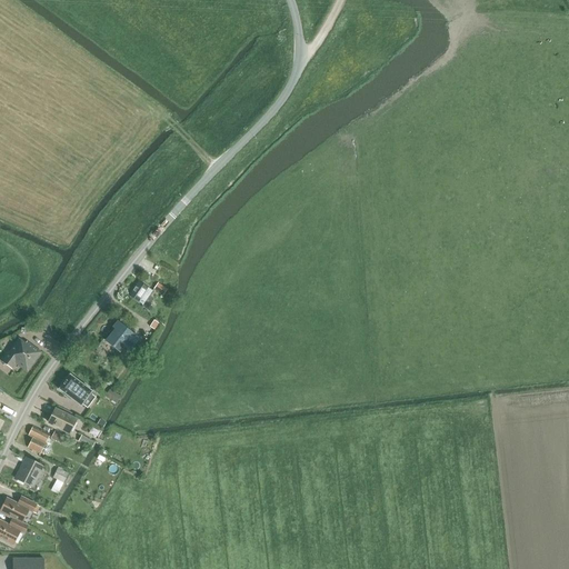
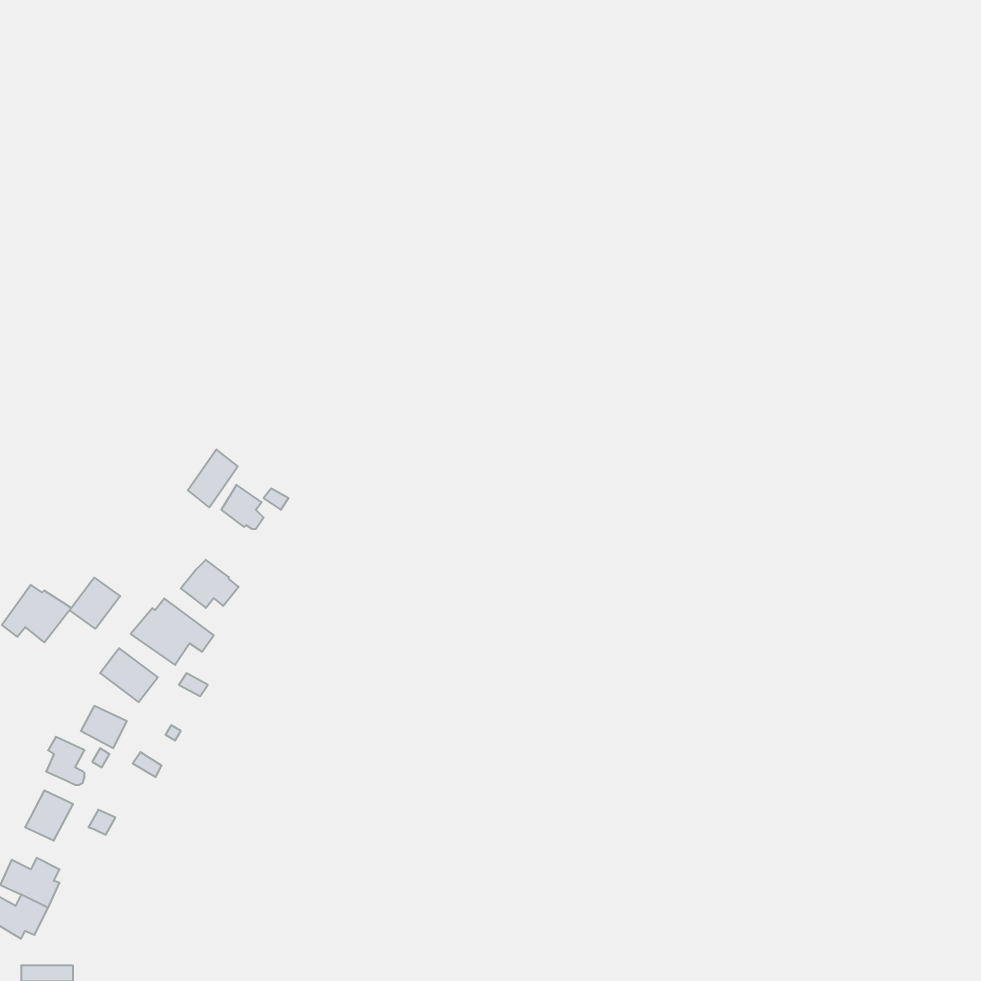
building: none -> [188,449,238,507]
building: none -> [69,578,120,629]
building: none -> [131,598,214,665]

